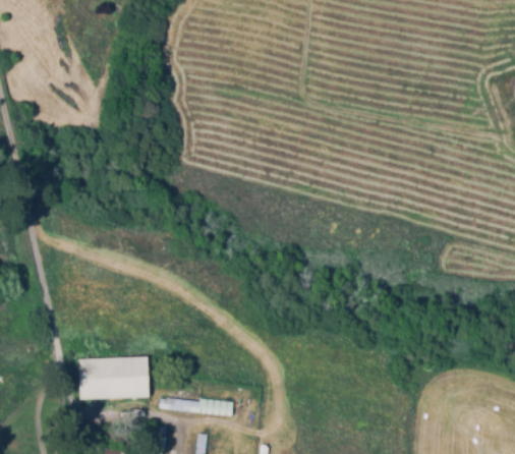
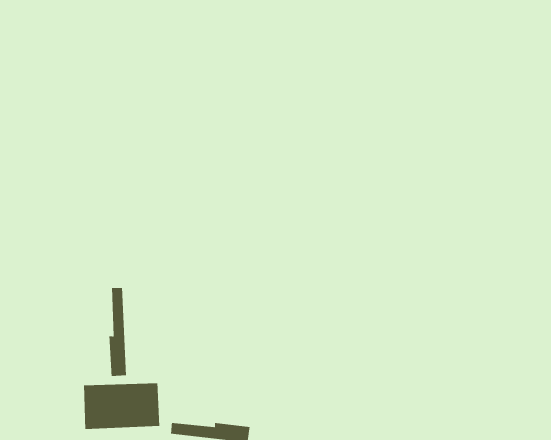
building: none -> [109,287,127,377]

